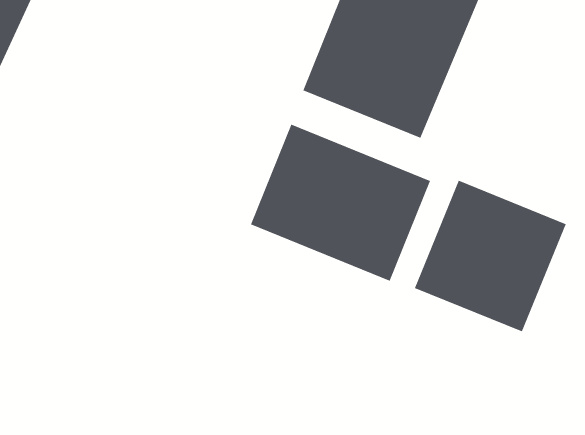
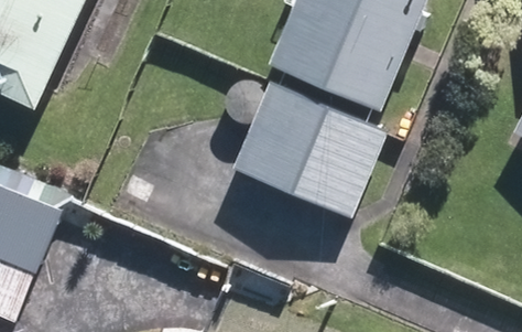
building: [414,180,566,332] -> none

